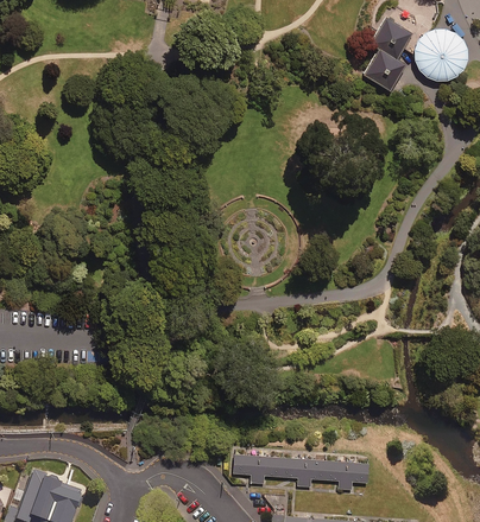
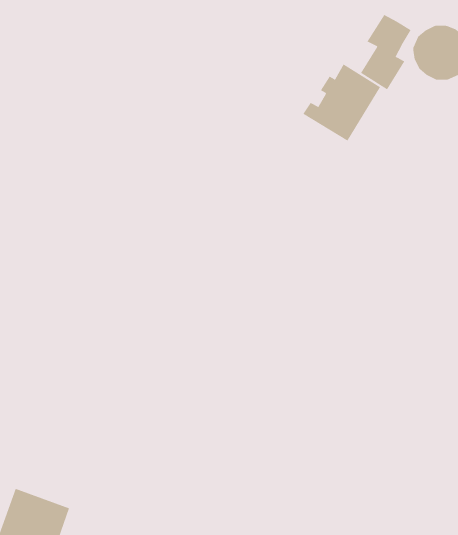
building: none -> [303,63,381,142]
building: [232,454,370,490] -> none

